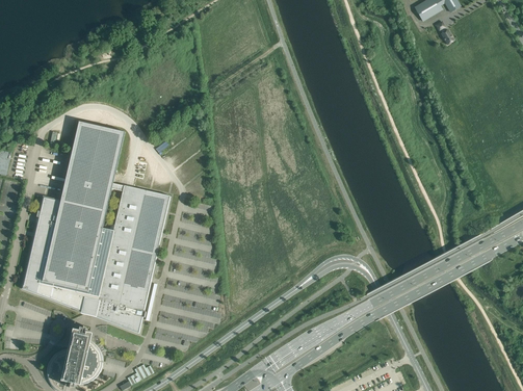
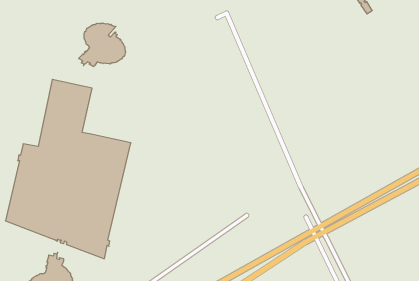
building: none -> [79,23,126,67]

